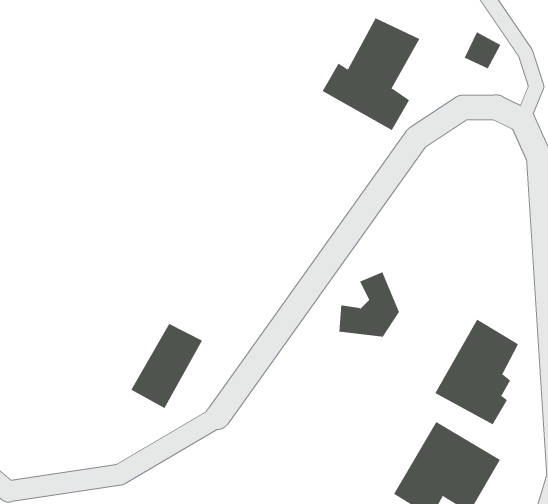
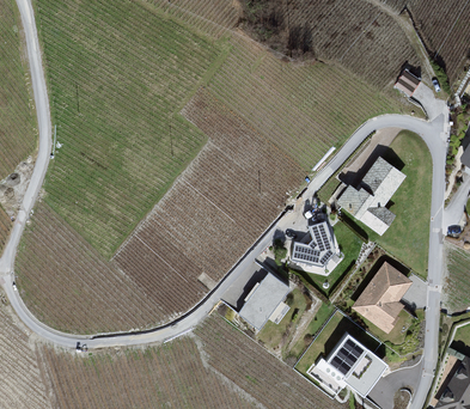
building: [322,18,420,131] -> [335,158,405,236]
building: [131,323,203,409] -> [238,268,291,325]

